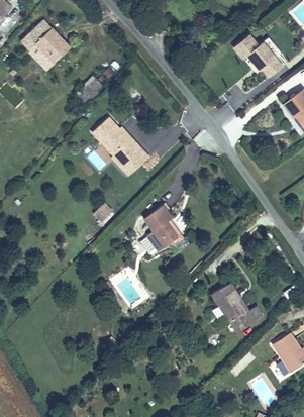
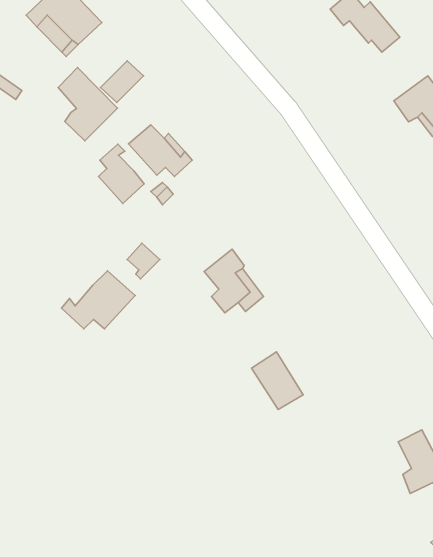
building: none -> [58,68,118,141]
building: none -> [98,144,144,204]
building: none -> [61,271,135,329]
building: [219,282,255,321] -> [251,352,303,410]

